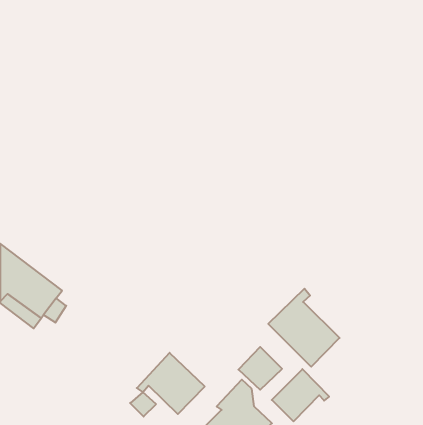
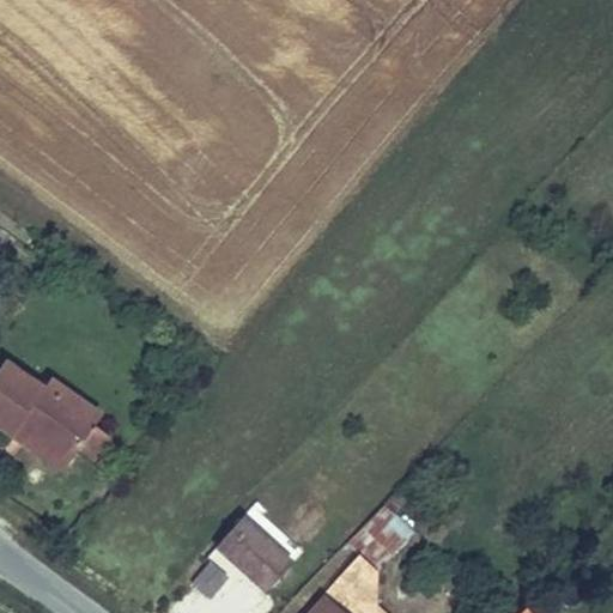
building: [268,289,340,367] -> none
building: [272,369,329,421] -> none

